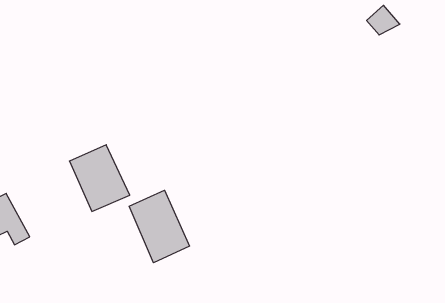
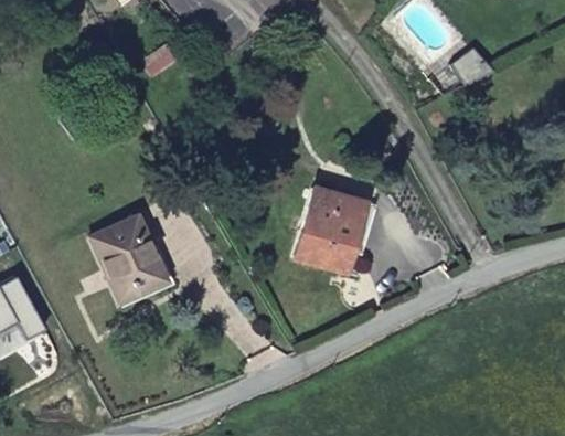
building: none -> [296,190,363,269]
building: [129,190,189,263] -> none

